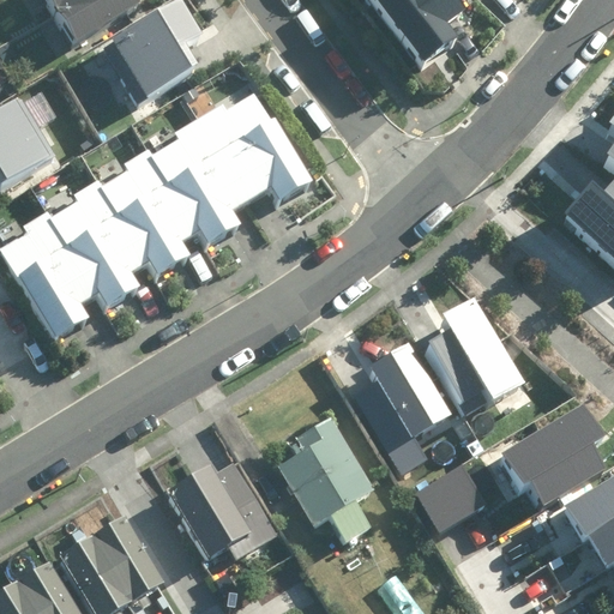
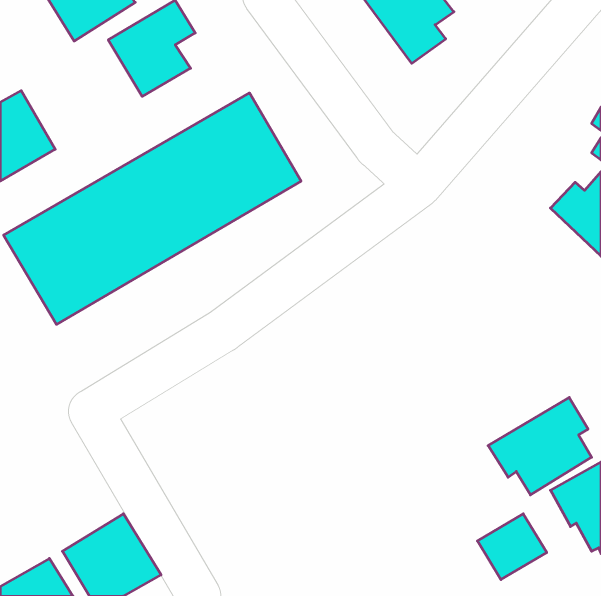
building: [426,299,520,401] -> none
building: [353,342,450,469] -> none
building: [279,420,377,543] -> none
building: [411,462,482,529] -> [477,514,547,580]
building: [171,464,277,561] -> none

